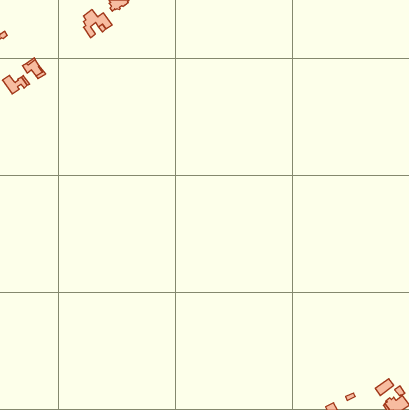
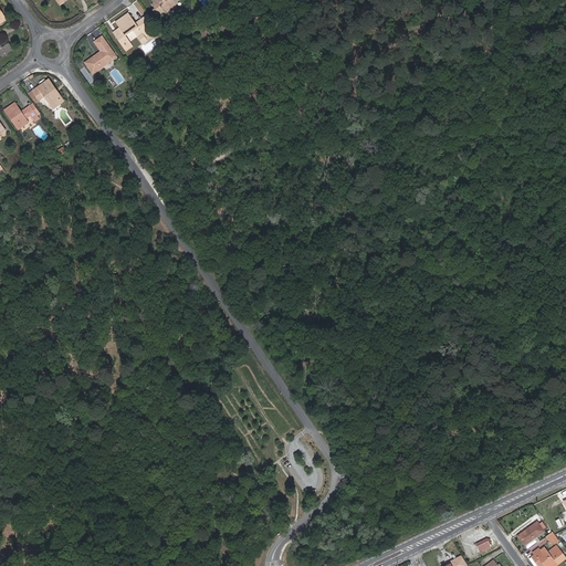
building: none -> [84,36,113,74]

